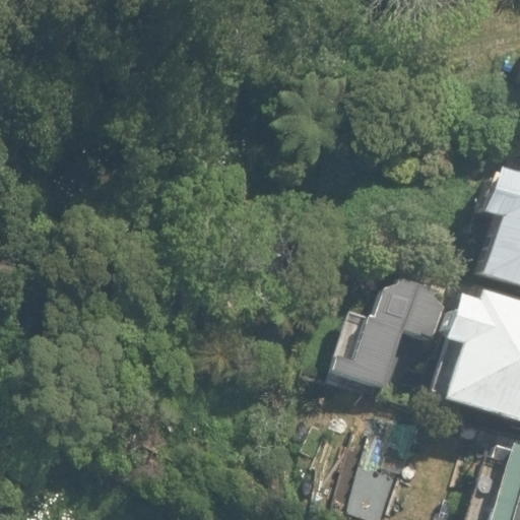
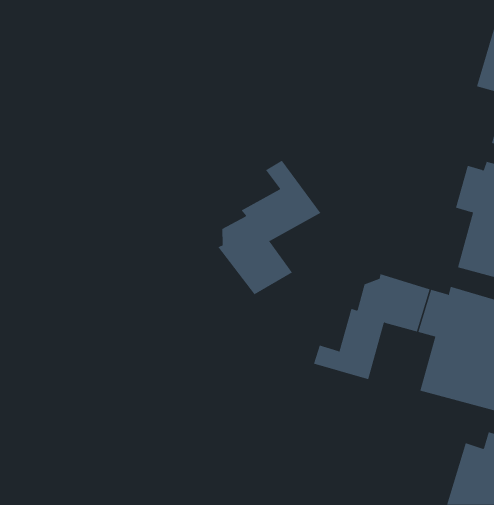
building: none -> [217,160,321,295]

